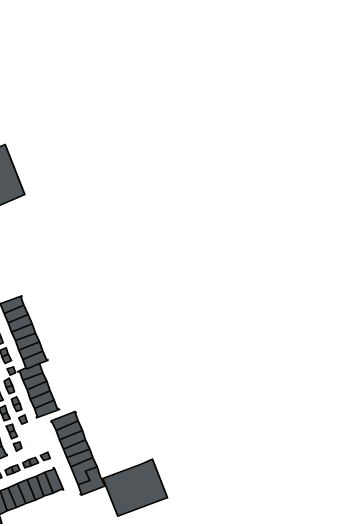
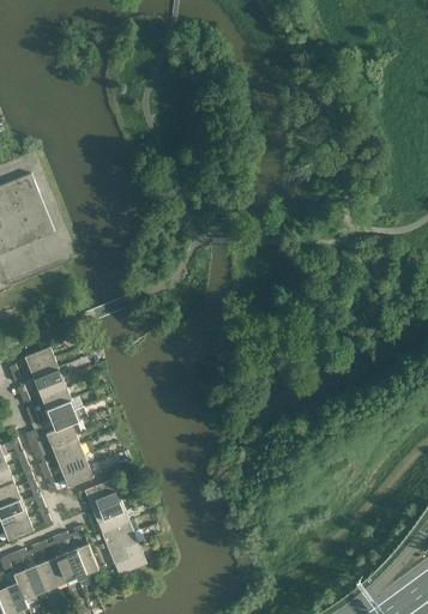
building: [103,459,167,516] -> none

